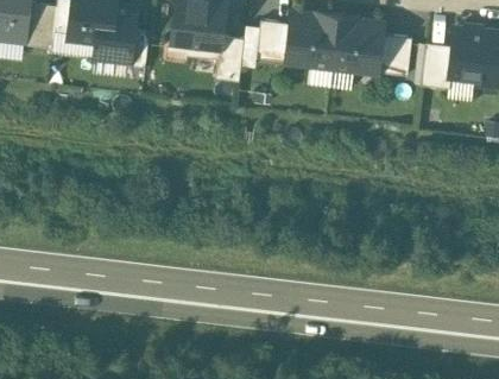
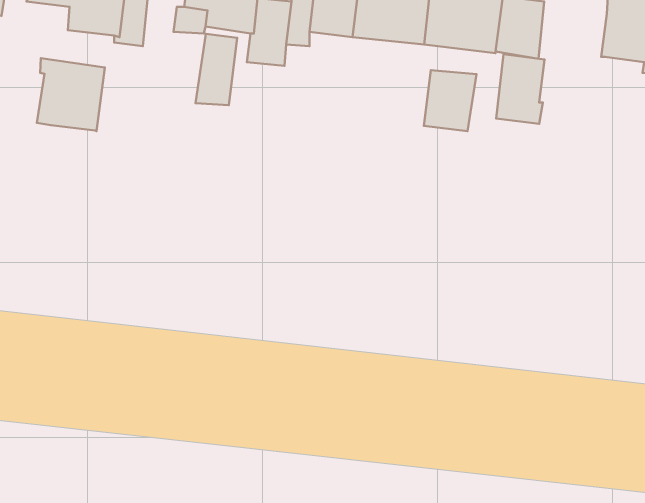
building: [421,43,453,89] -> [496,54,545,124]
building: none -> [195,34,237,105]
building: none -> [37,58,105,131]
building: none -> [424,70,477,131]

